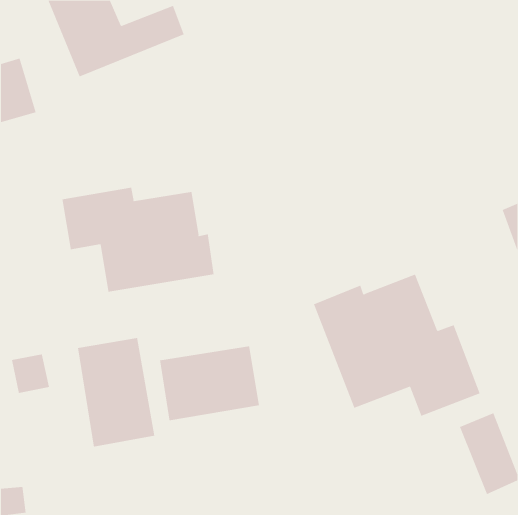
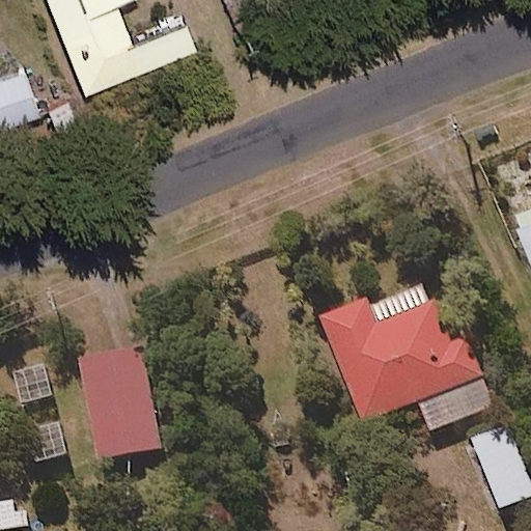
building: [62,187,214,292] -> none
building: [160,346,260,421] -> none

